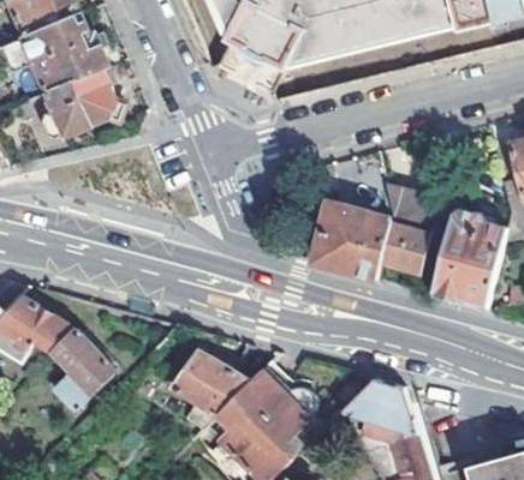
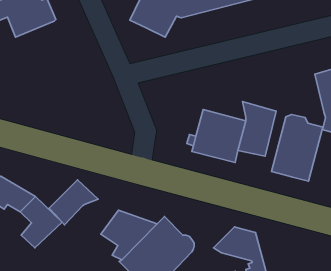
building: [42,70,120,142] -> none
building: none -> [49,180,98,225]

